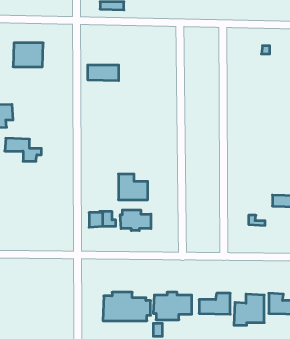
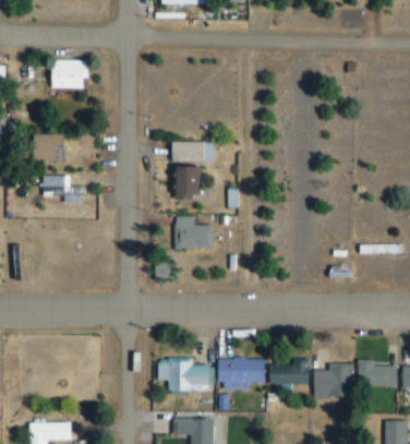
building: [88,65,119,81] -> [172,142,209,160]
building: none -> [173,166,198,200]
building: [120,210,151,231] -> none

